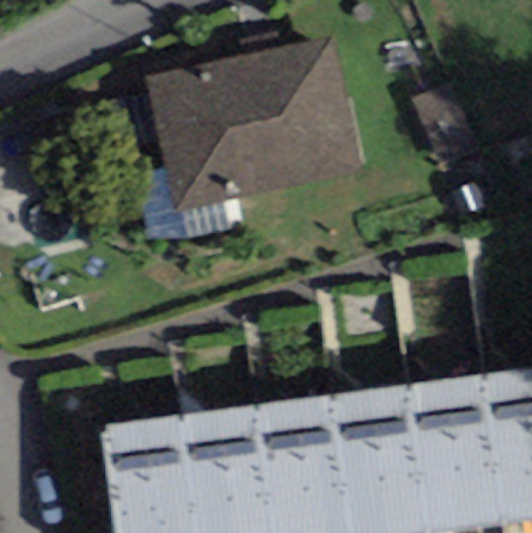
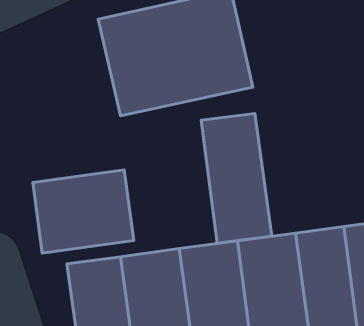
building: none -> [201,113,272,243]
building: none -> [33,170,134,253]

